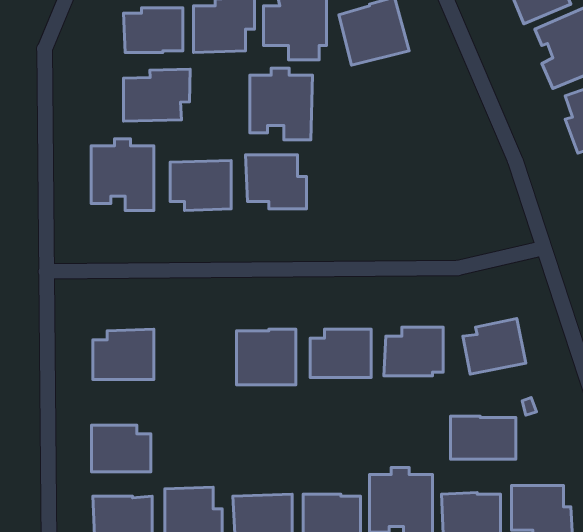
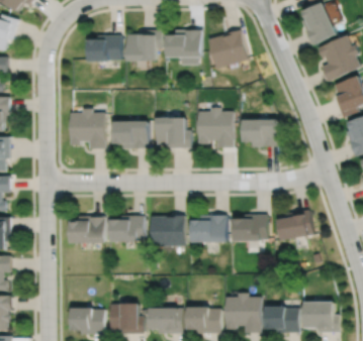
building: [250,68,313,140] -> [197,108,233,148]
building: [123,69,190,121] -> none
building: none -> [243,119,277,147]
building: none -> [109,216,143,243]
building: [451,416,516,459] -> none
building: [92,425,151,472] -> none

